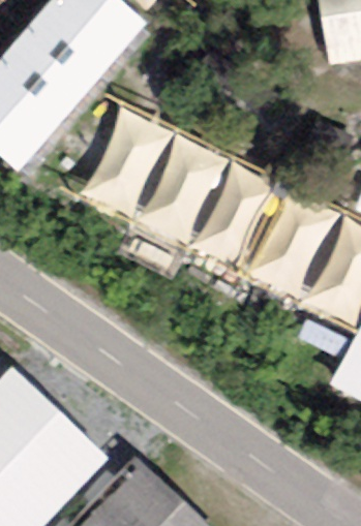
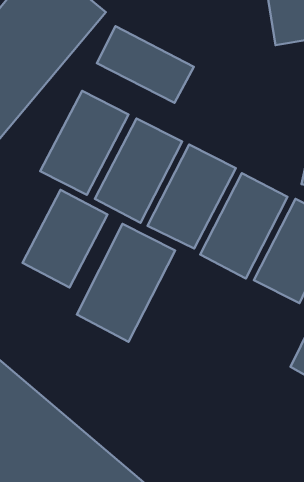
building: none -> [97,26,194,103]
building: none -> [23,190,107,288]
building: none -> [77,224,175,342]

